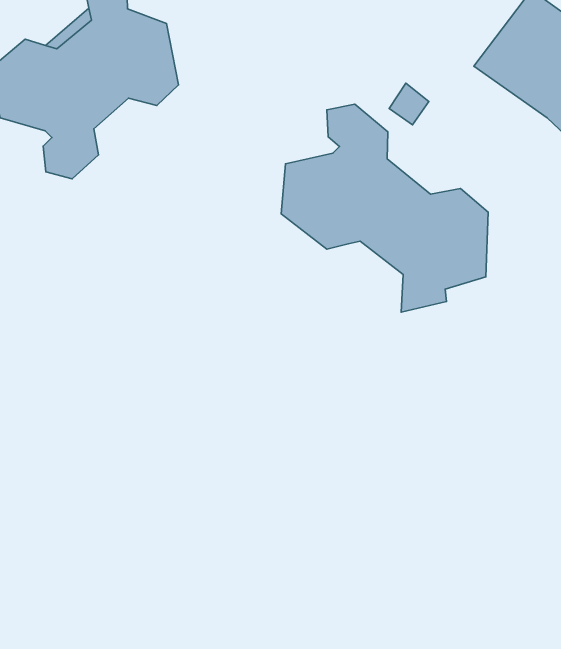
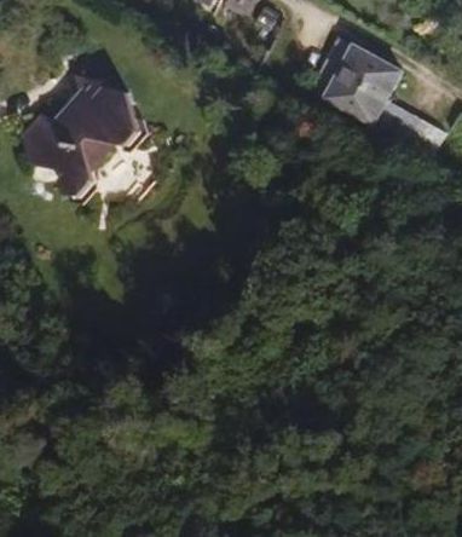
building: [281,104,488,312] -> none

